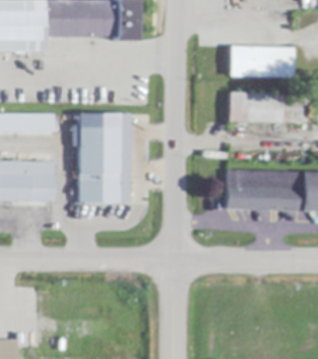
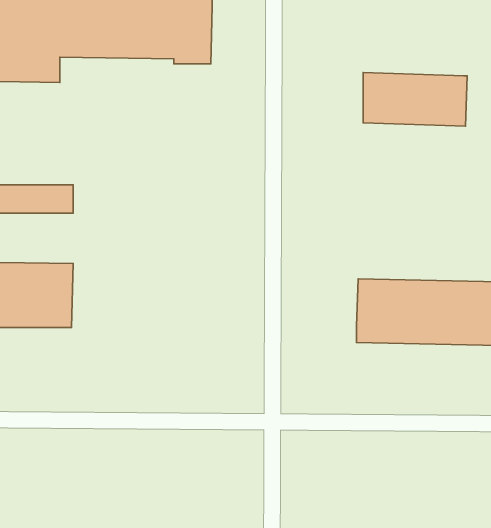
building: [229,91,301,123] -> none
building: [72,112,130,202] -> none

